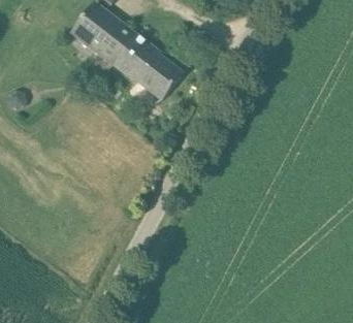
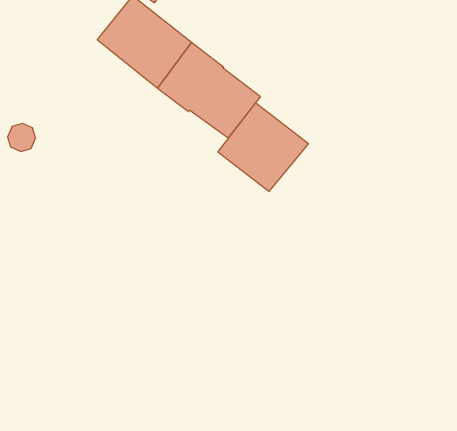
building: none -> [218,103,308,192]

